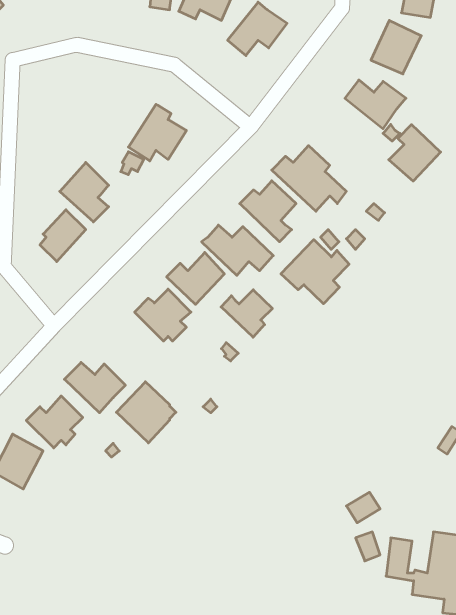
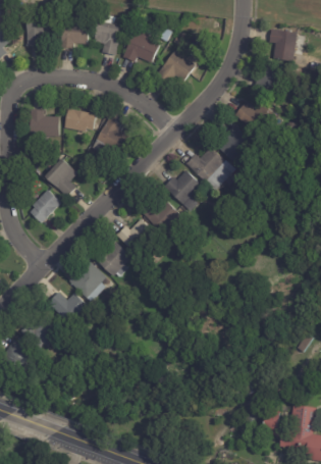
building: none -> [31,109,59,136]
building: none -> [64,109,95,132]
building: [389,125,441,181] -> [218,124,253,162]
building: [281,240,349,304] -> none
building: [221,290,272,337] -> none
building: [116,382,176,443] -> [69,260,109,301]

